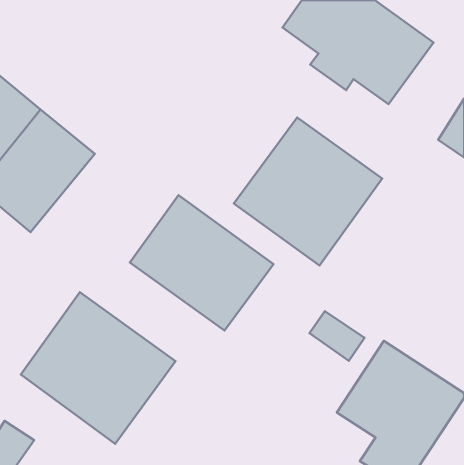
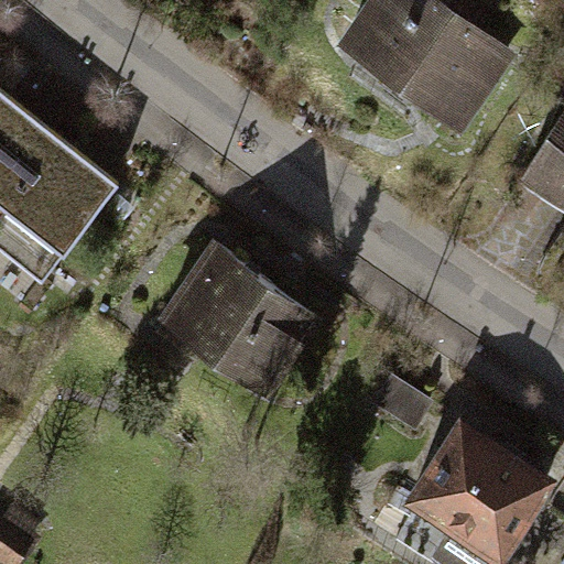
building: [234,117,382,266] -> none
building: [21,292,175,444] -> none

